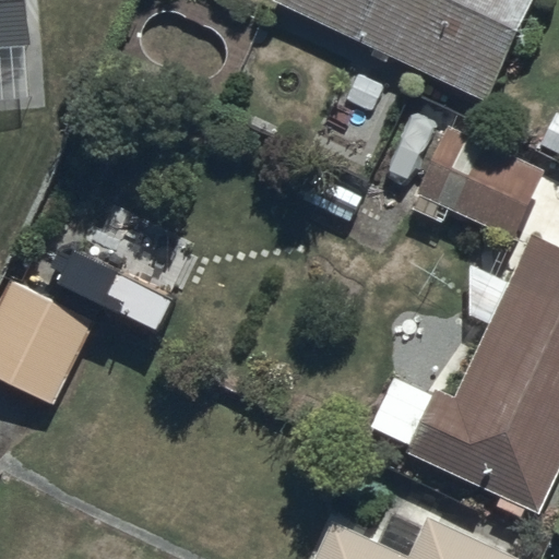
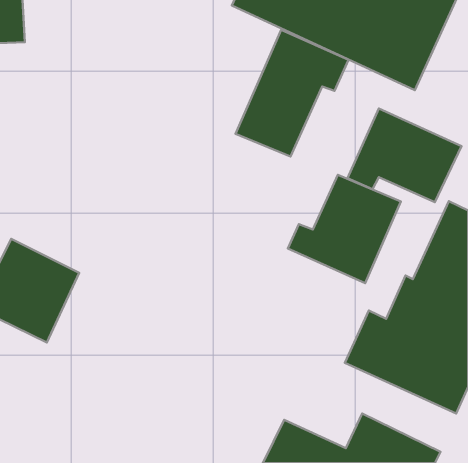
building: none -> [235,30,348,156]
building: none -> [288,175,401,283]

